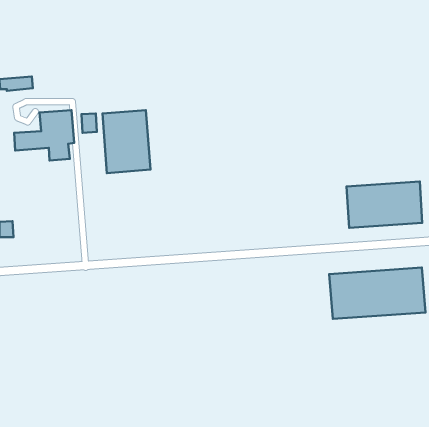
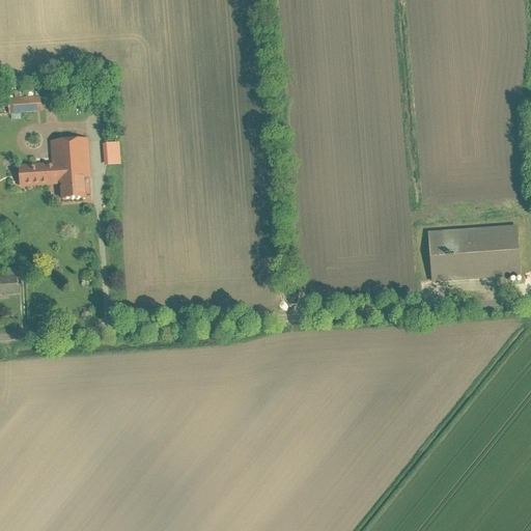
building: [102,110,150,173] -> none
building: [329,268,425,319] -> none

